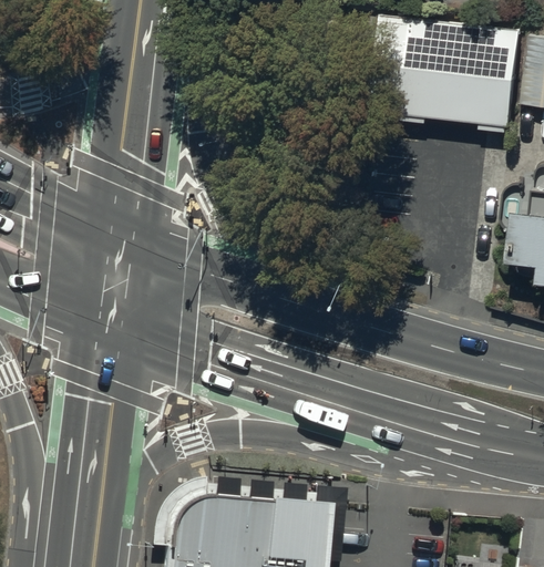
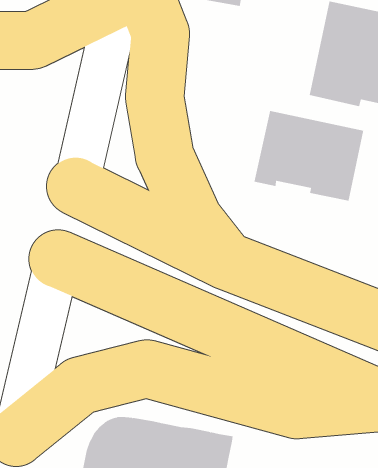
building: none -> [254,110,364,201]

